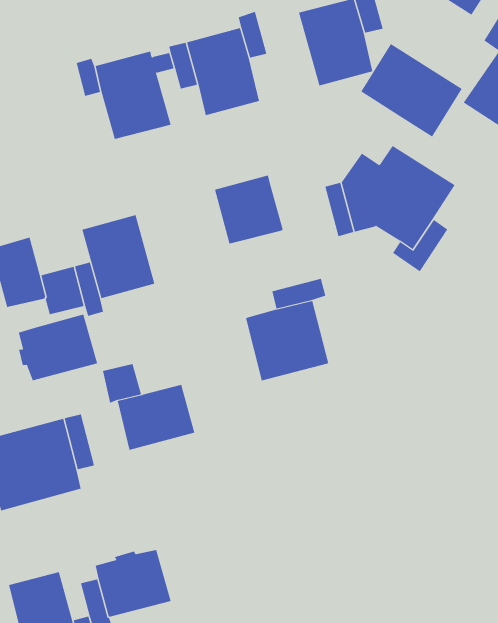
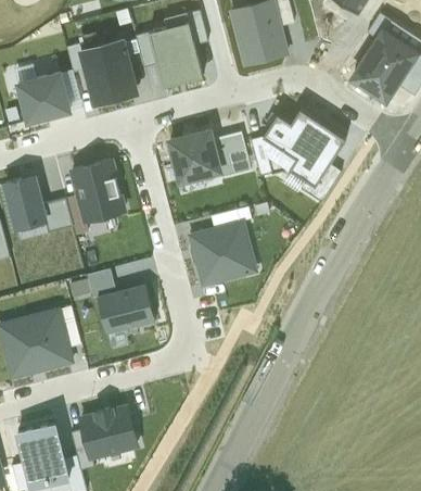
building: [360,43,463,137] -> none
building: none -> [17,73,69,123]
building: none -> [210,131,251,178]
building: [18,314,98,381] -> none

